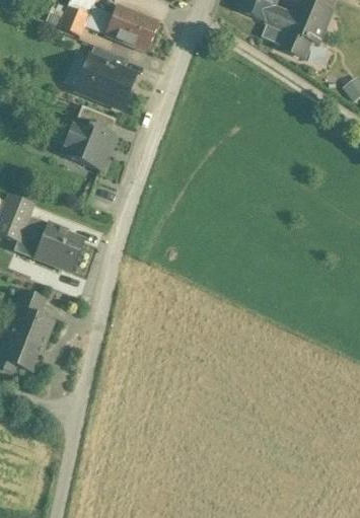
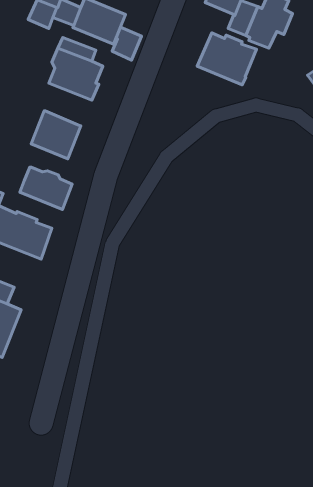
building: none -> [112,27,142,60]
building: none -> [197,33,256,85]
building: [77,105,117,134] -> none
building: none -> [20,167,72,209]

